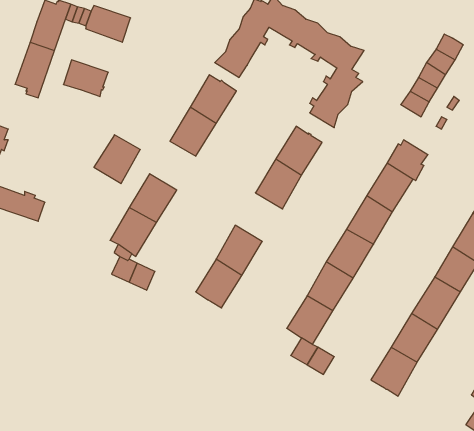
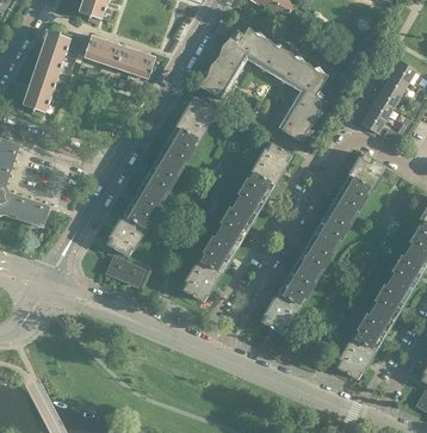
building: [63,60,108,97] -> [116,47,155,79]
building: [94,135,140,184] -> [140,155,180,198]
building: none -> [215,200,256,243]

